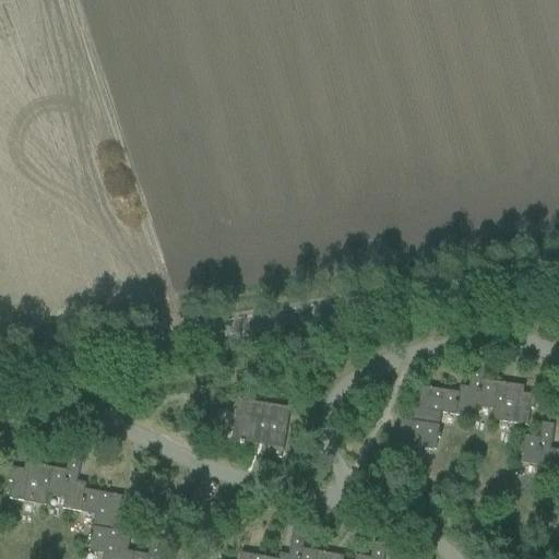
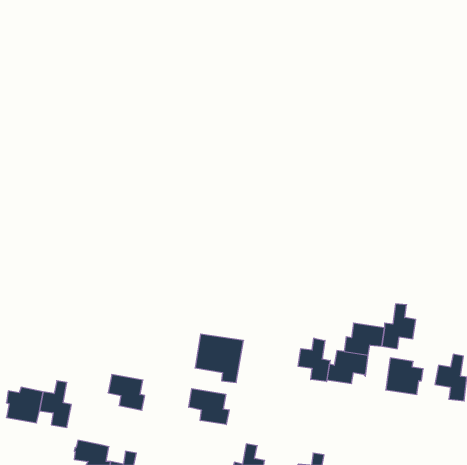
building: [491,381,536,425] -> [386,358,423,394]
building: none -> [298,338,330,382]
building: none -> [189,389,229,425]
building: [81,488,124,531] -> [108,375,145,410]

